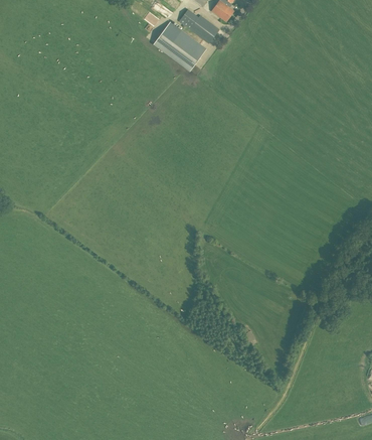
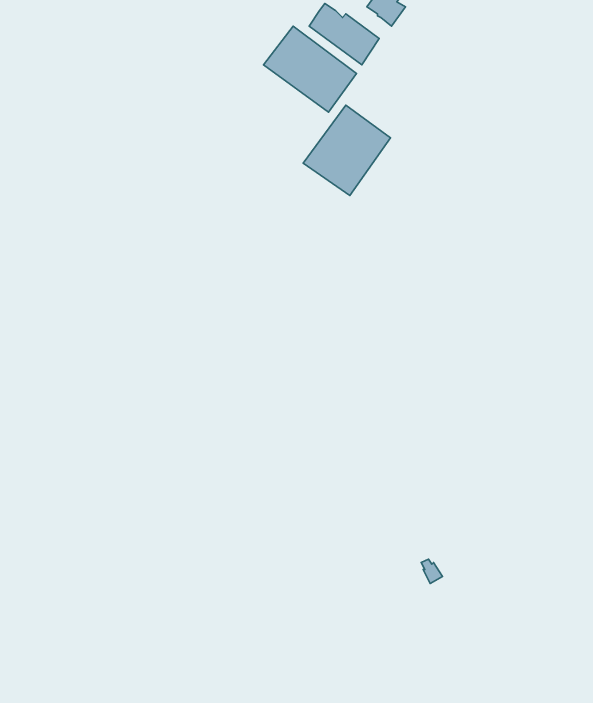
building: none -> [303,105,391,196]

